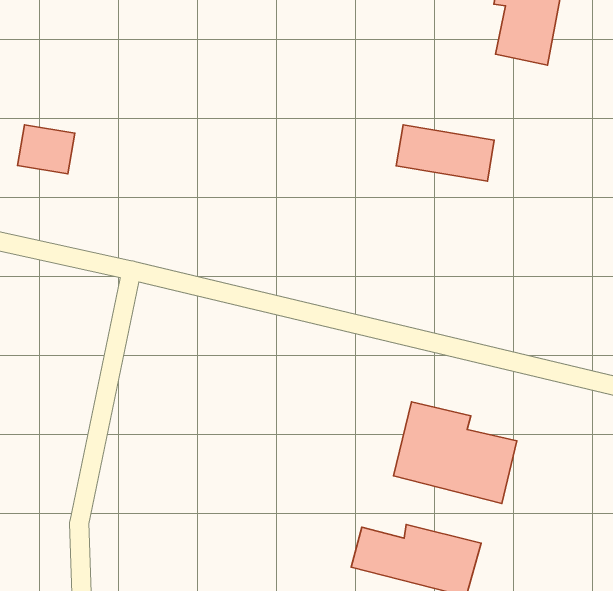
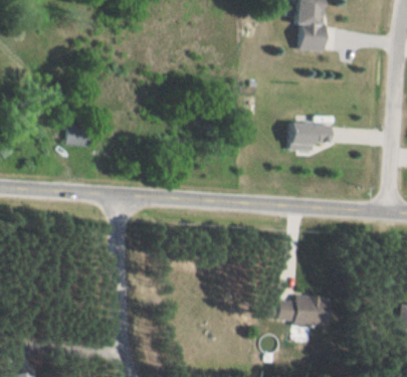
building: [396,125,494,181] -> [286,124,334,145]
building: [393,402,517,503] -> none

